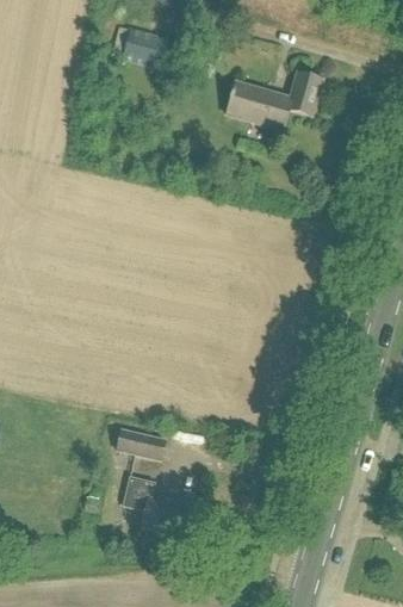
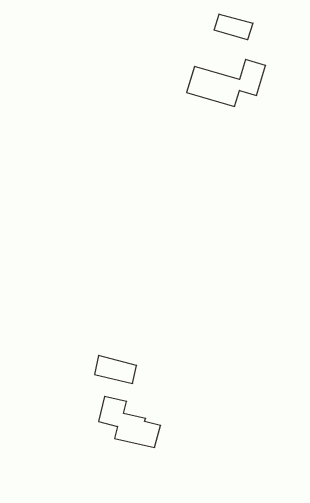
building: none -> [214,14,253,40]
building: [120,26,169,69] -> none

